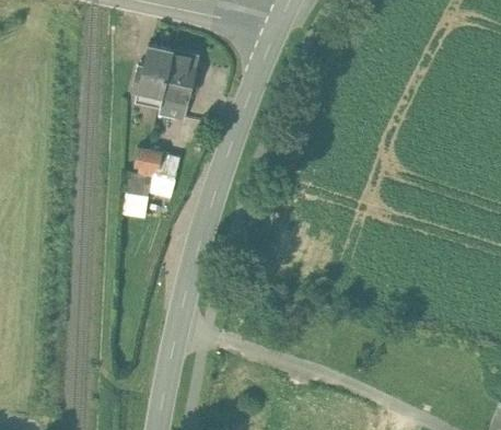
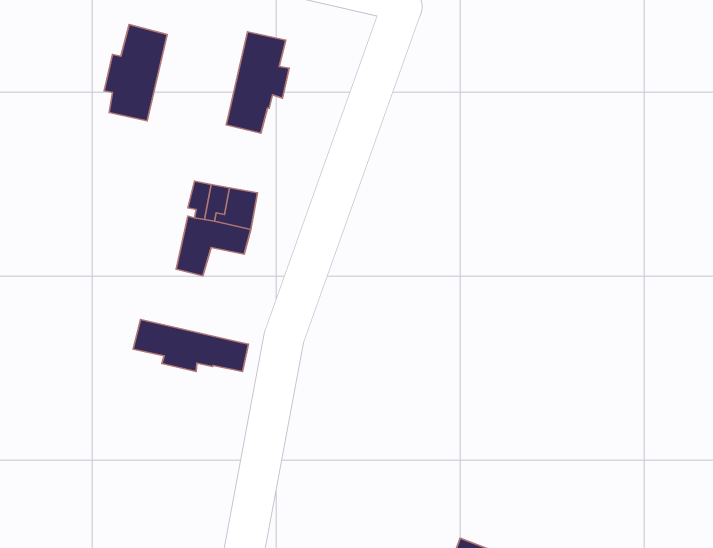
building: [131,45,173,108] -> [104,25,167,121]
building: none -> [133,320,248,372]

